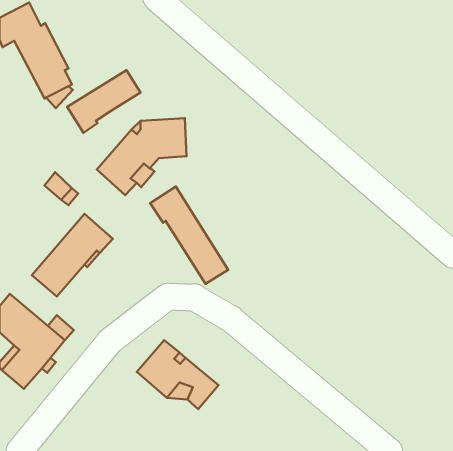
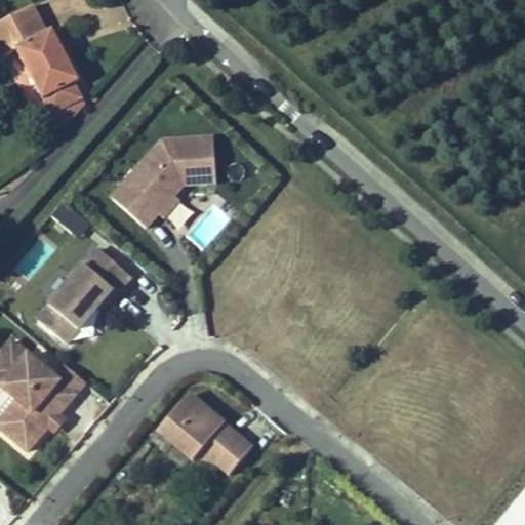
building: [67,70,140,133] -> none
building: [150,187,228,284] -> none

